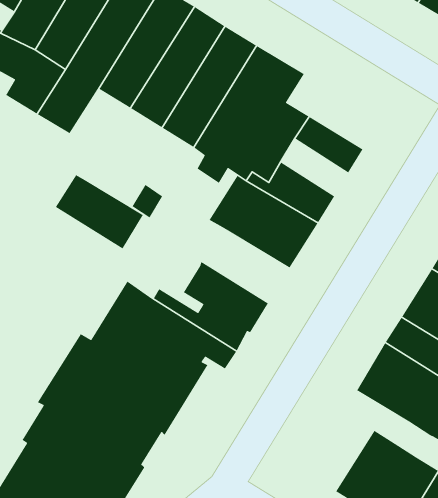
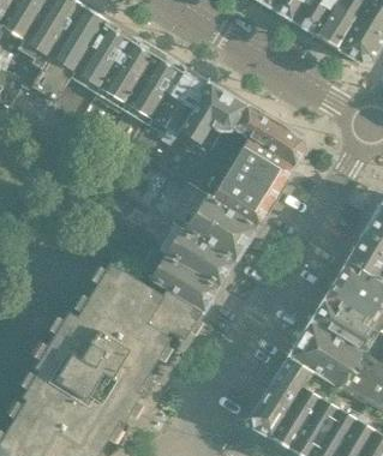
building: none -> [233,104,304,164]
building: none -> [228,156,282,202]
building: [55,174,144,249] -> [164,227,235,287]
building: none -> [251,356,312,437]

